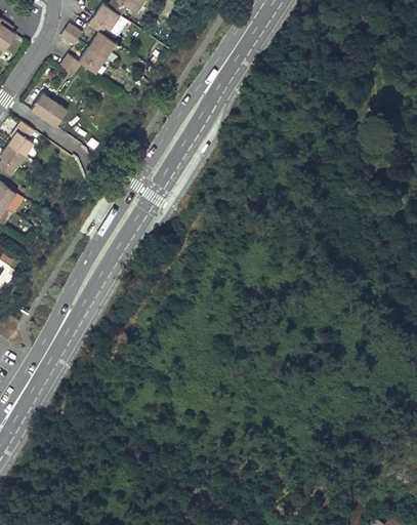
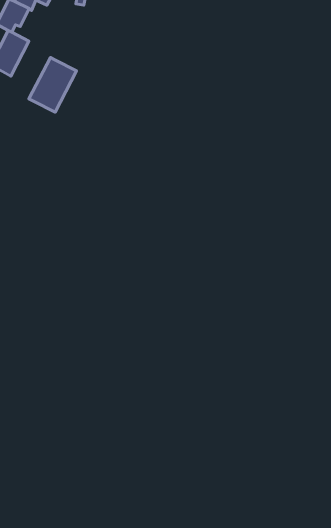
building: none -> [29,57,77,112]

